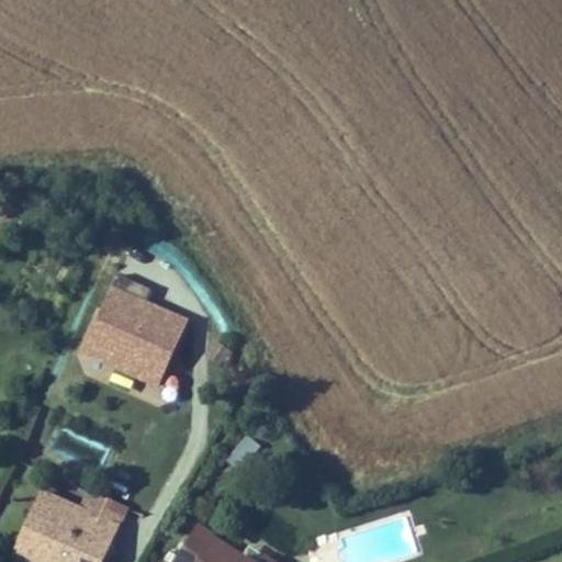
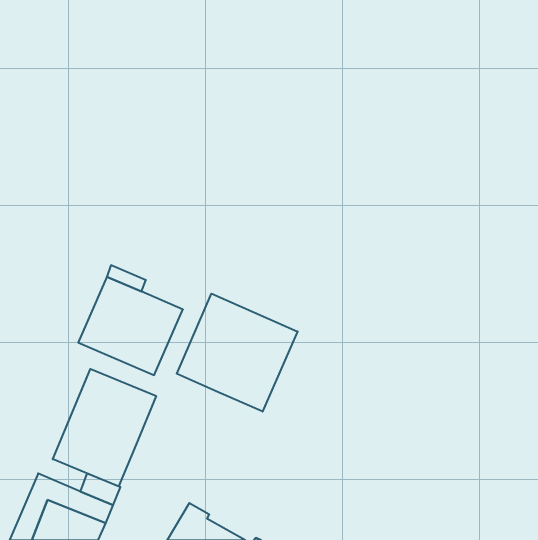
building: none -> [177,294,298,412]
building: none -> [53,369,156,486]

